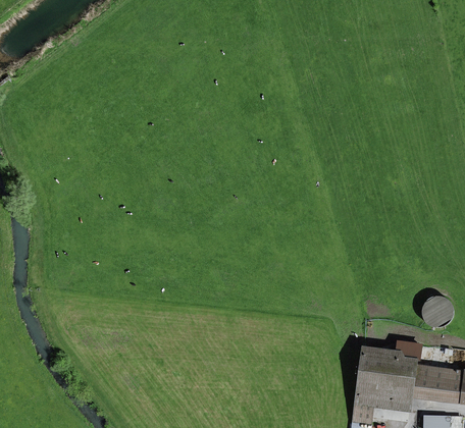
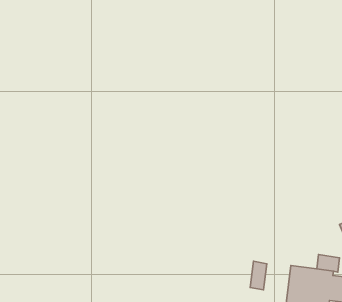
building: none -> [250,261,267,290]

